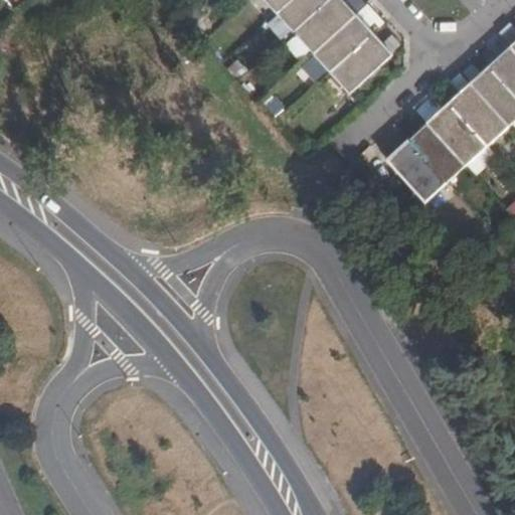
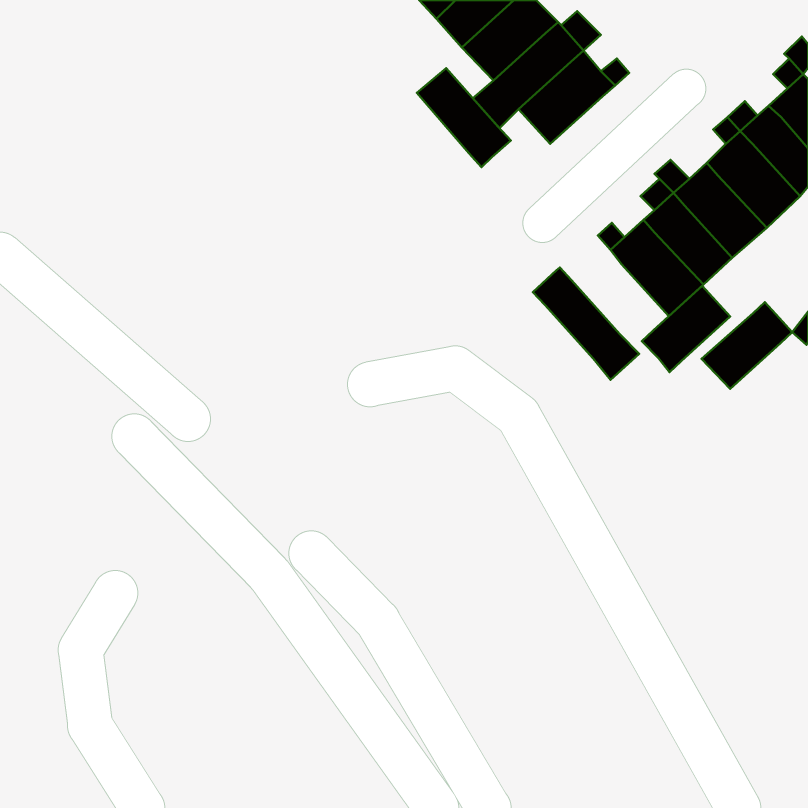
building: none -> [417,68,511,167]
building: none -> [533,267,639,380]
building: none -> [642,286,730,372]
building: none -> [701,302,792,389]

